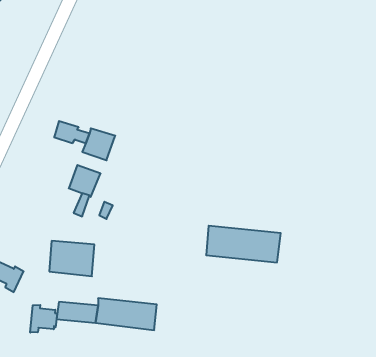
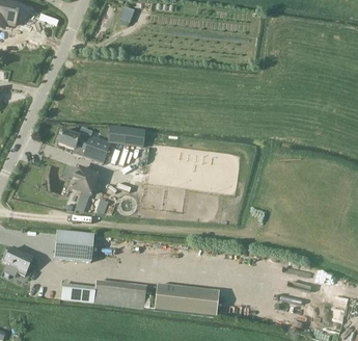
building: none -> [107,125,144,146]
building: [206,226,281,262] -> [155,283,218,314]
building: [30,305,57,333] -> none

